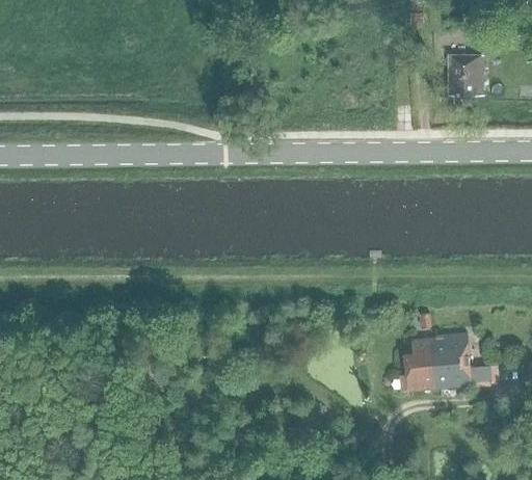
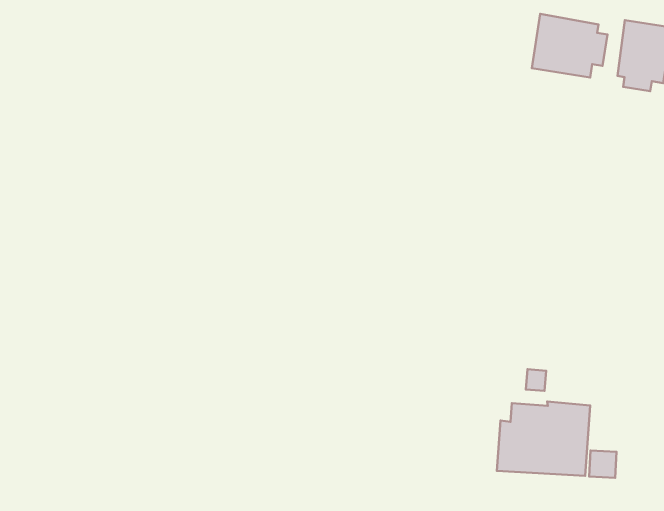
building: none -> [532,14,608,77]

